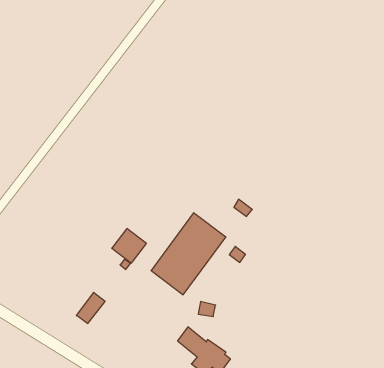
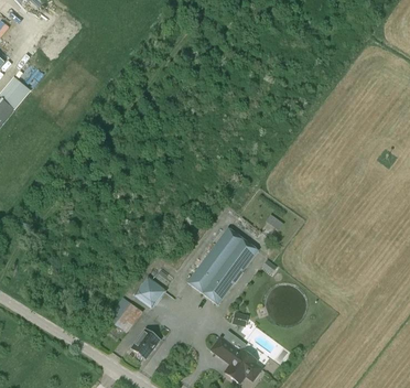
building: [112,229,146,263] -> [132,276,165,309]
building: none -> [130,327,160,359]

